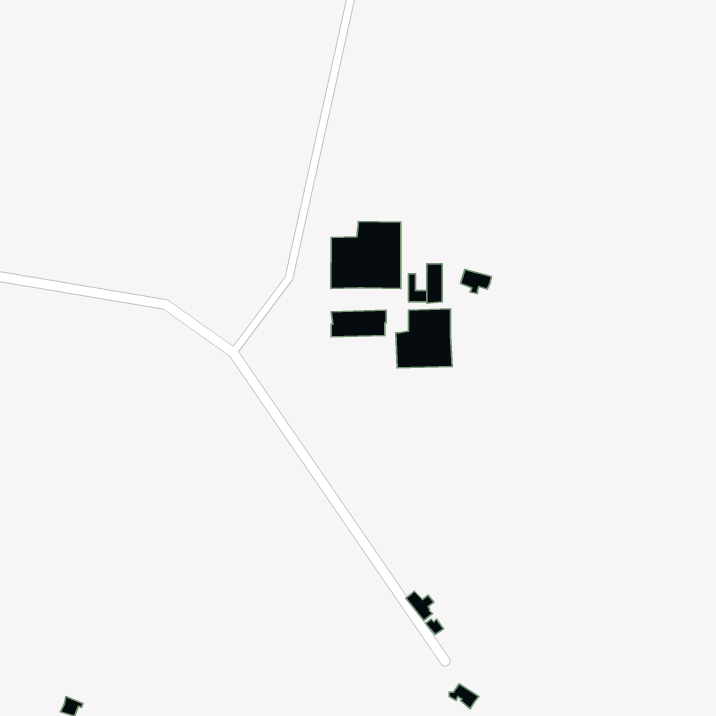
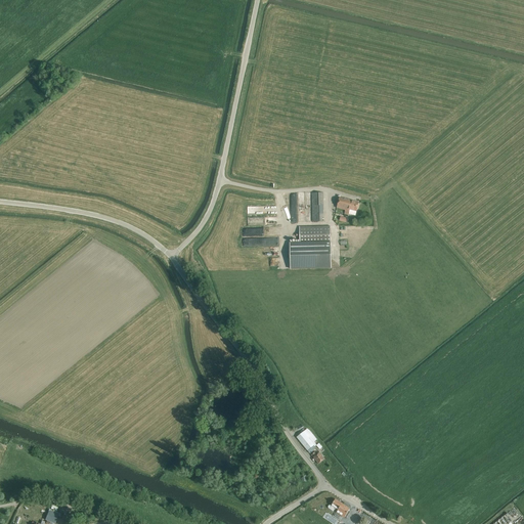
building: [331,222,401,289] -> none

